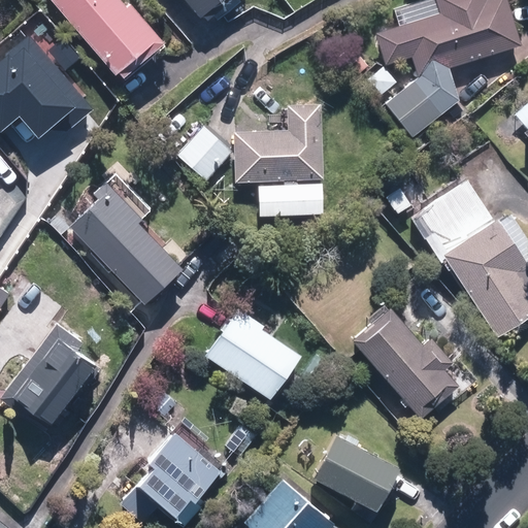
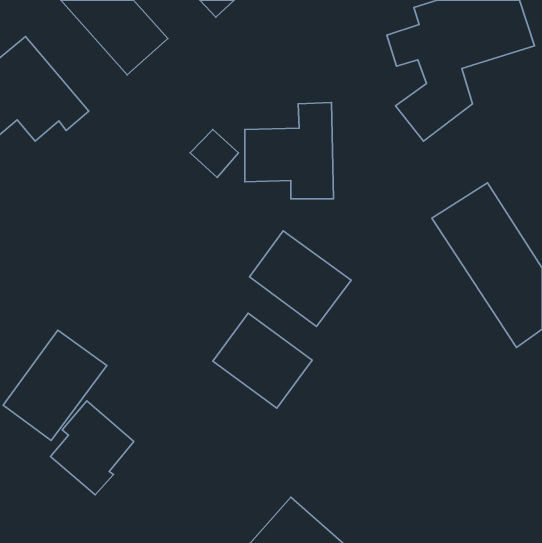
building: [73,185,189,297] -> none
building: none -> [249,231,351,326]
building: [350,311,454,420] -> none
building: [141,426,222,517] -> [50,401,134,495]
building: [311,443,398,517] -> none

